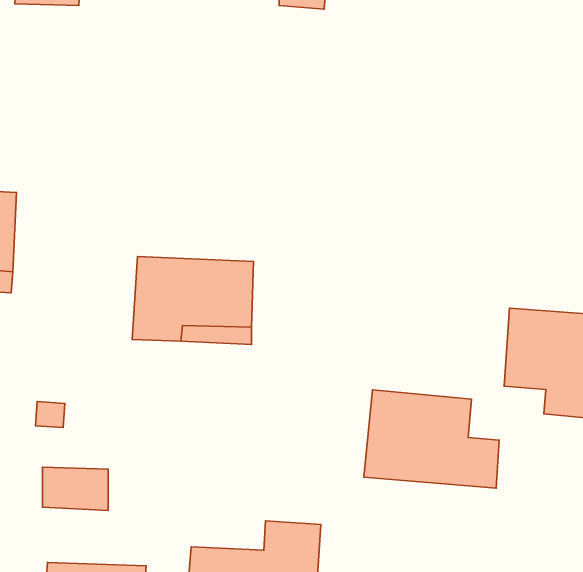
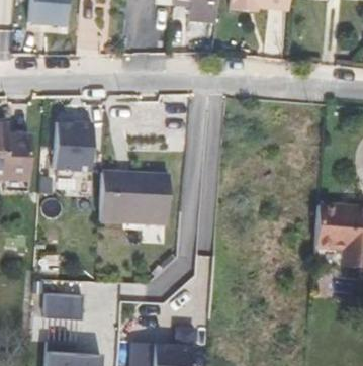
building: none -> [53,121,93,171]
building: [364,390,499,488] -> none

